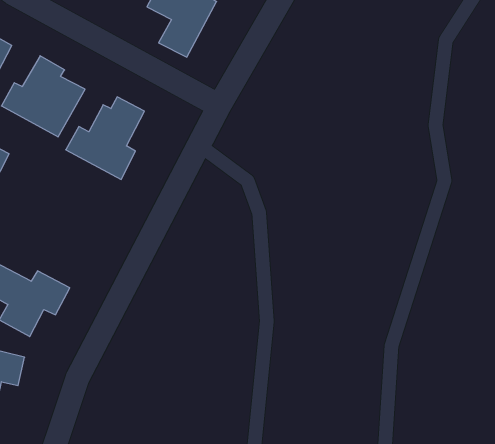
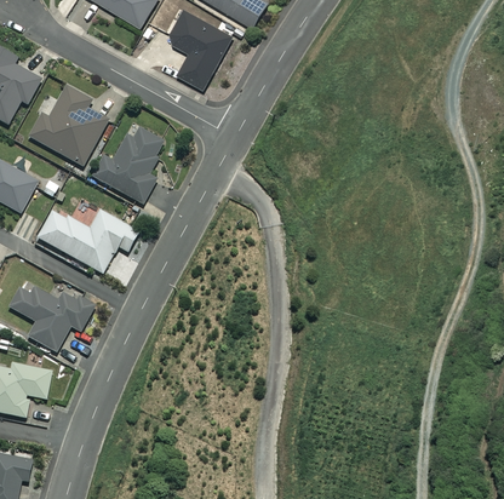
building: none -> [38,208,137,271]

